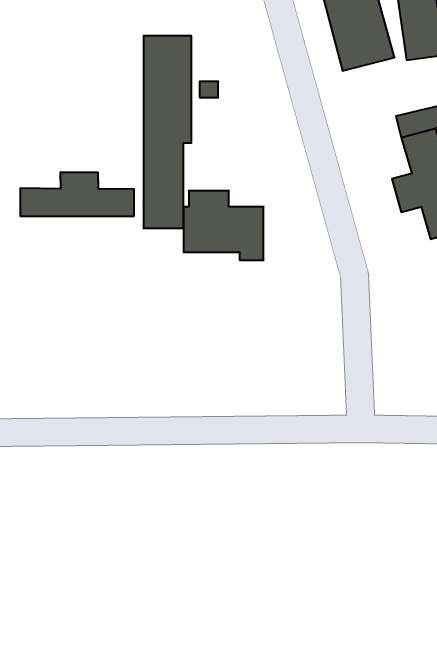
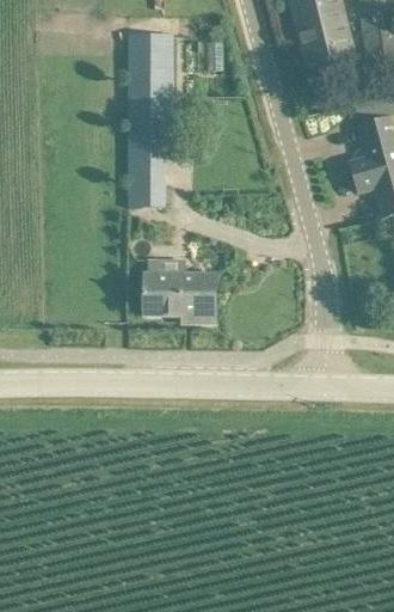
building: [20,172,134,216] -> none
building: [183,191,264,260] -> [144,259,216,322]

